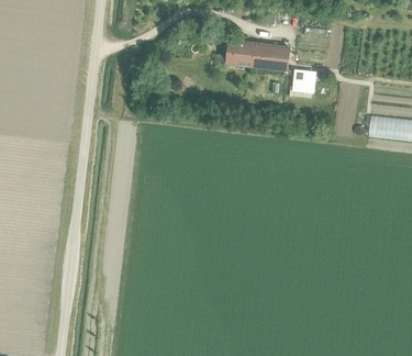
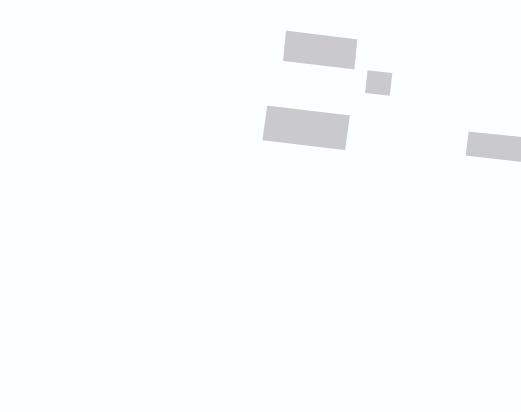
building: none -> [262,105,351,151]

